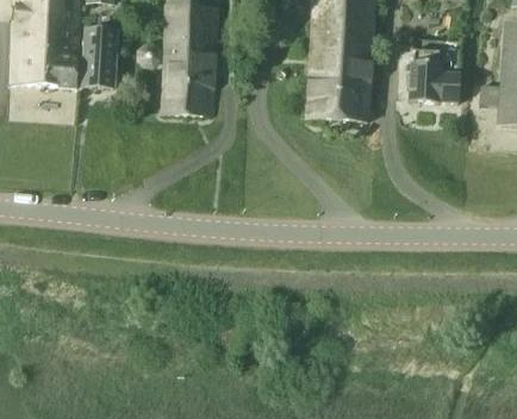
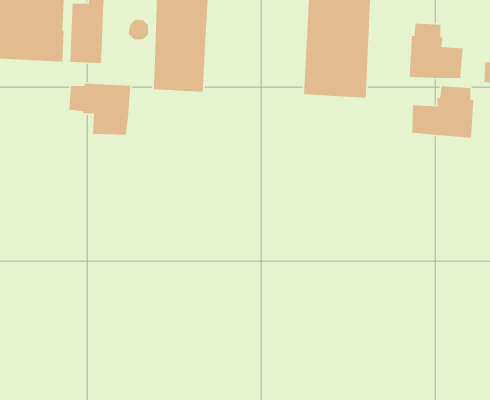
building: none -> [69,83,131,136]
building: none -> [411,86,474,138]

